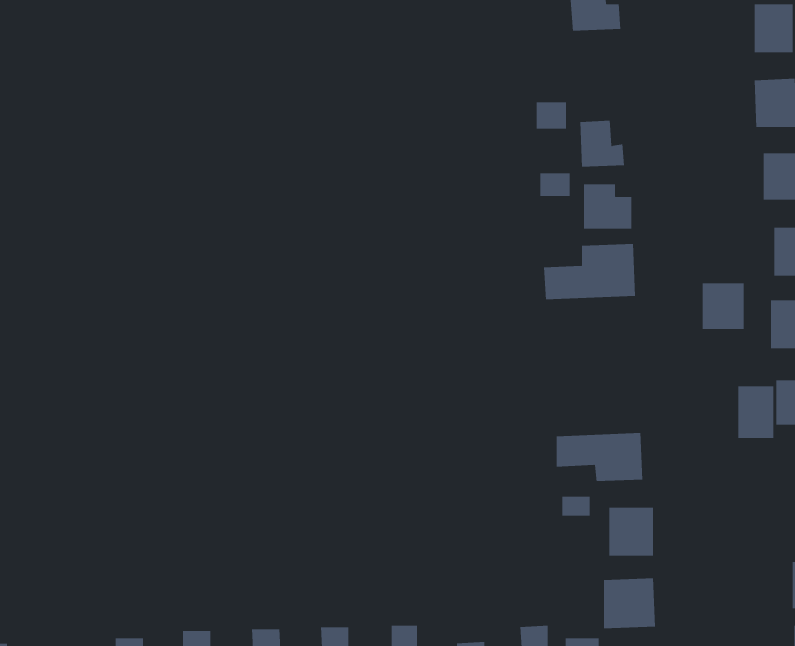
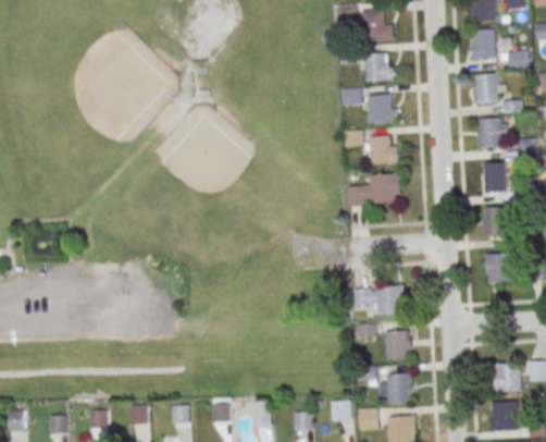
building: none -> [365,57,393,85]
building: [702,283,744,330] -> none
building: [738,386,774,439] -> none

